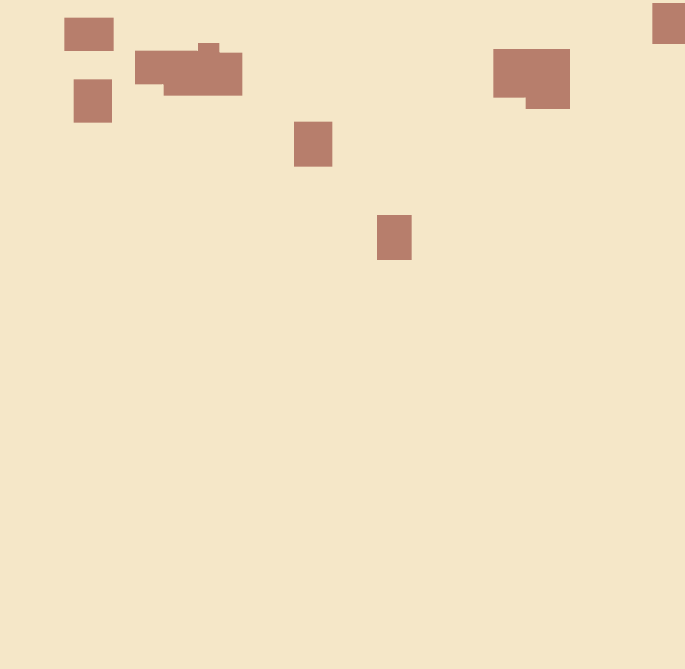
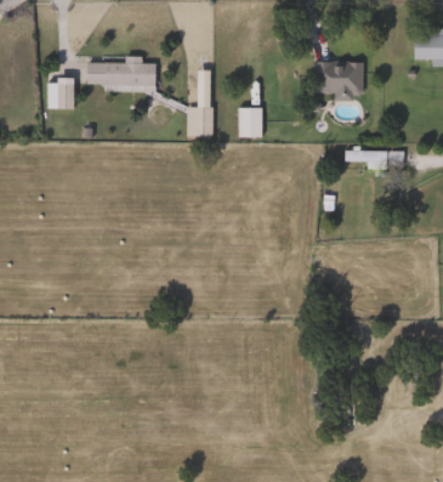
building: [64,17,114,52] -> none
building: none -> [345,151,401,168]
building: [376,214,413,260] -> [239,107,262,136]

